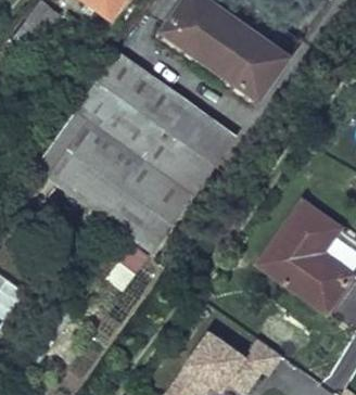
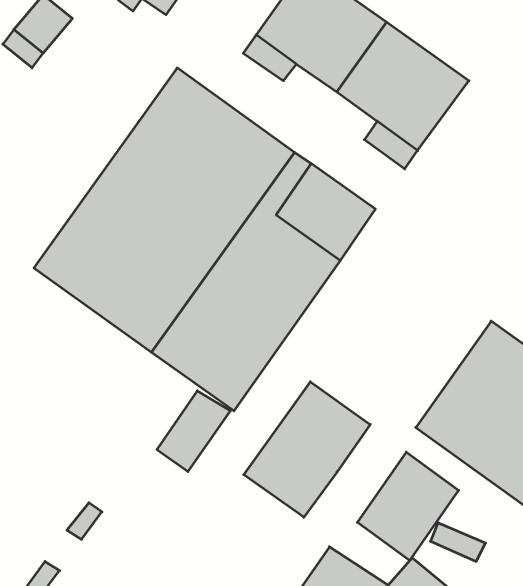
building: none -> [244,382,370,517]
building: none -> [357,452,459,561]

